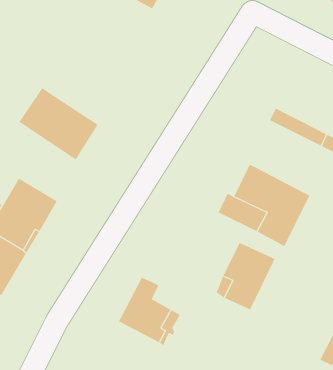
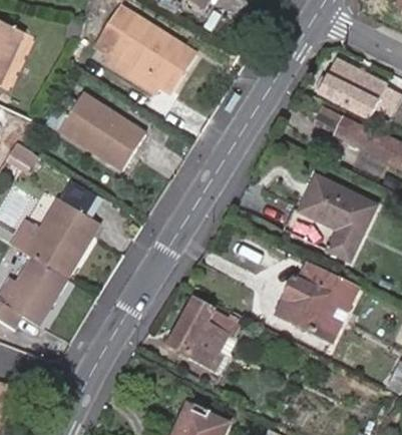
building: none -> [102,9,200,93]
building: none -> [319,62,384,116]
building: none -> [310,279,354,343]

